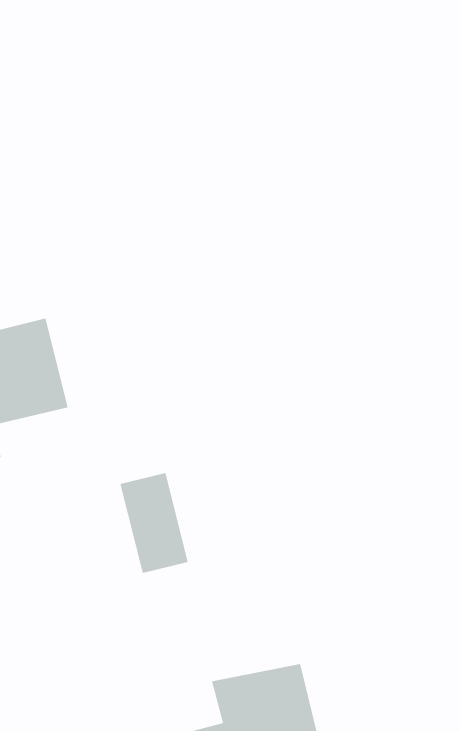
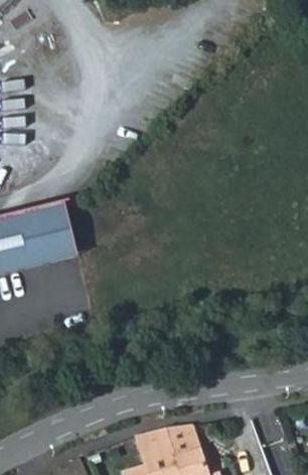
building: [120,473,188,574] -> [35,199,79,263]

